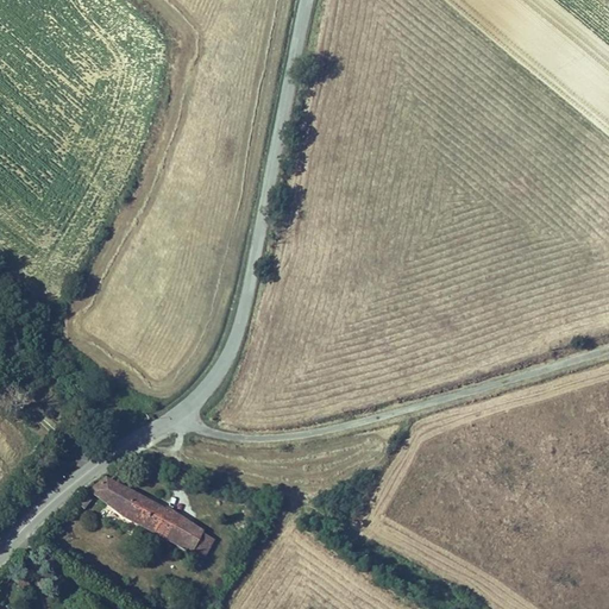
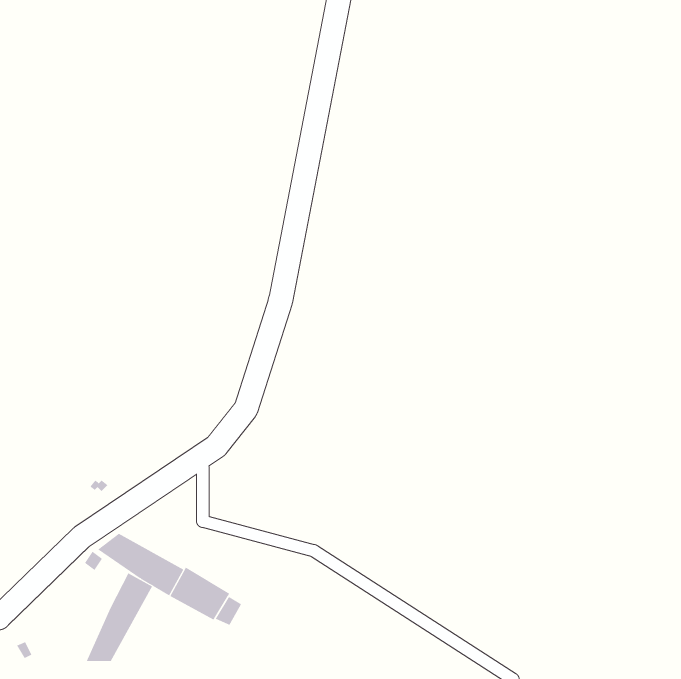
building: none -> [86,573,153,662]

